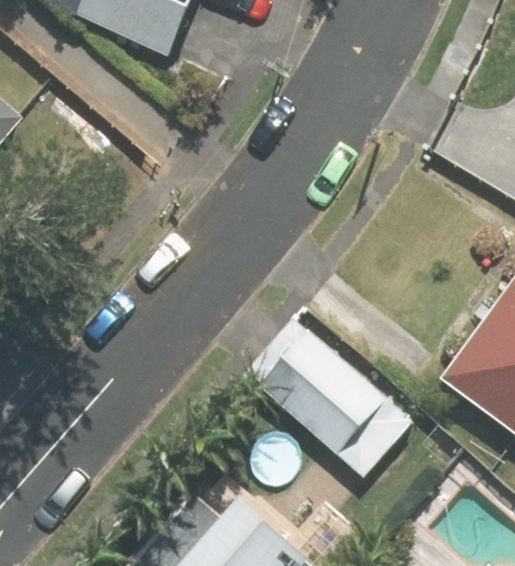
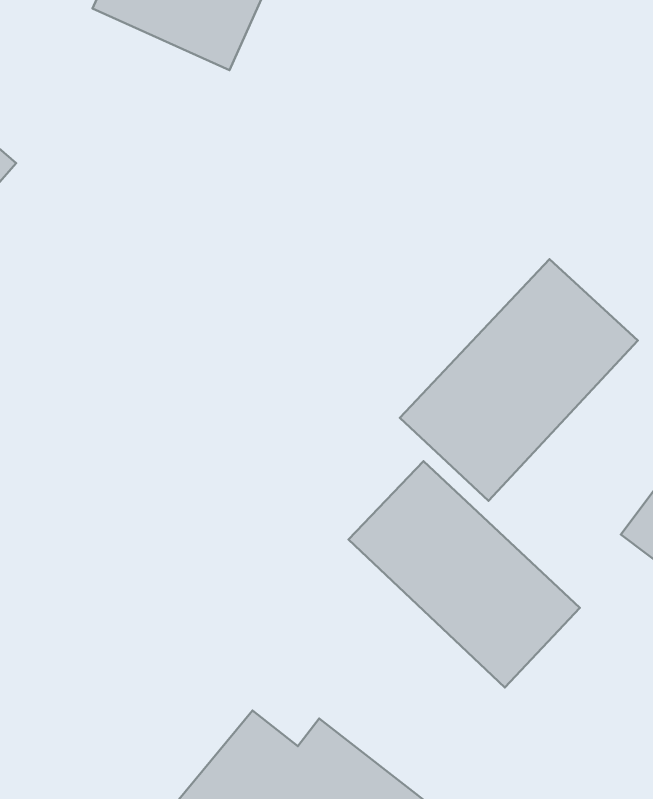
building: none -> [400,259,638,501]

